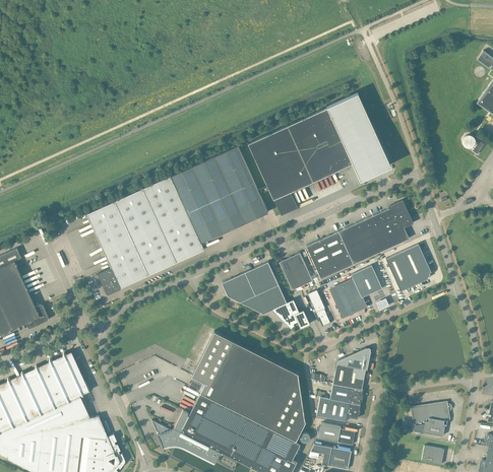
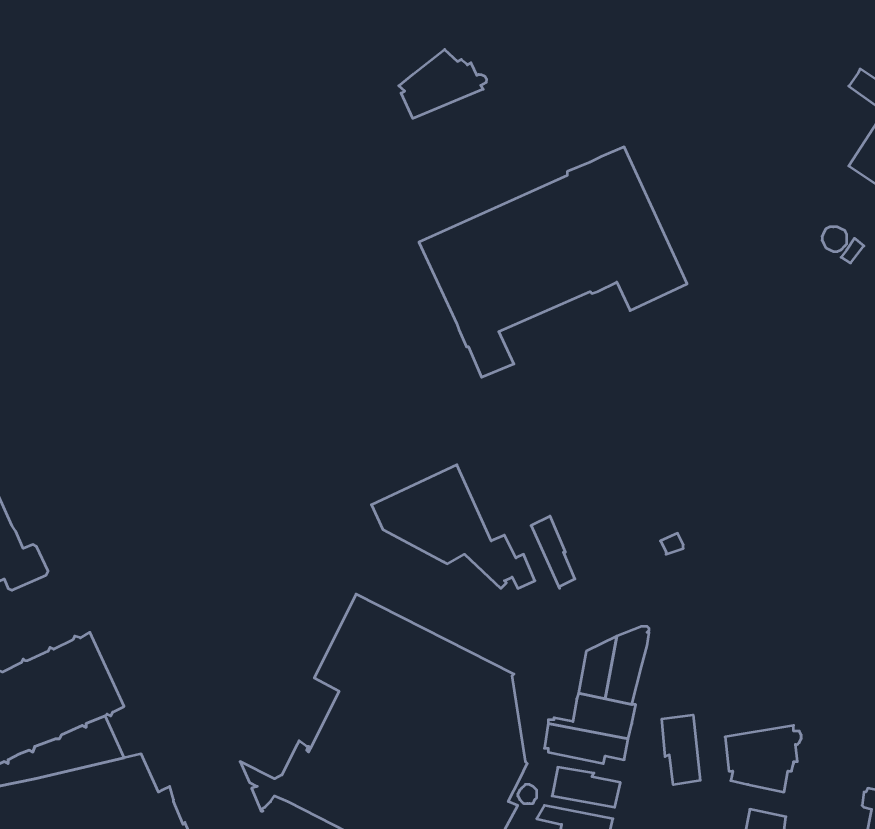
building: none -> [399,49,486,118]
building: [86,146,267,294] -> none
building: [306,200,413,279] -> none
building: [385,245,430,291] -> none
building: [279,253,312,290] -> none
building: [329,265,381,318] -> none
building: none -> [662,715,700,785]

